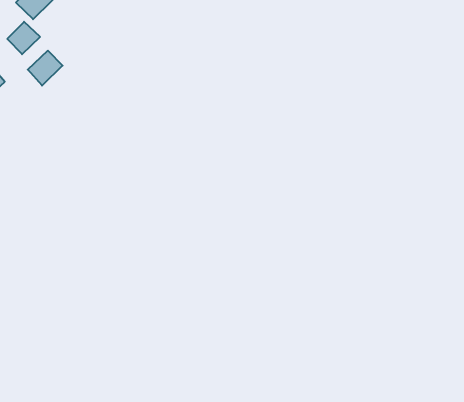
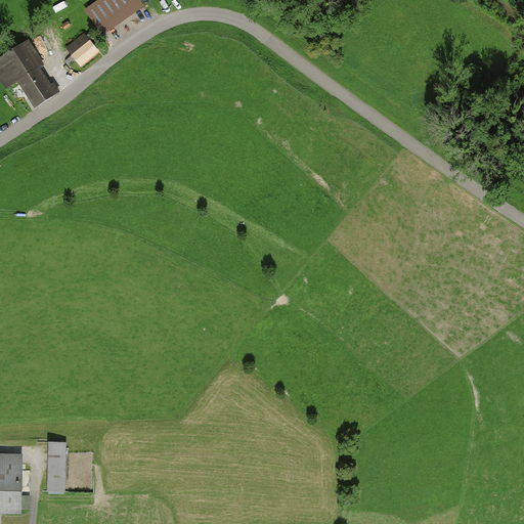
building: [28,51,63,86] -> none

